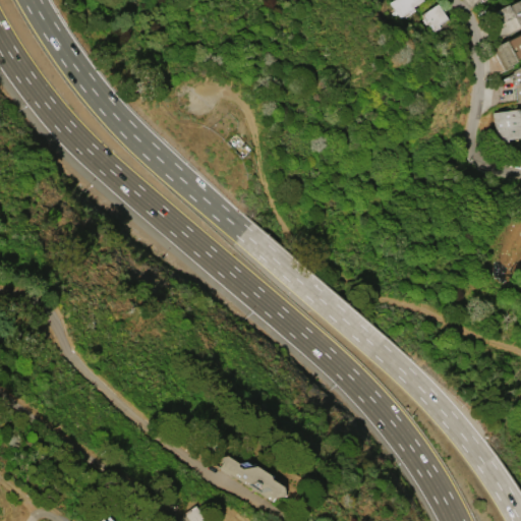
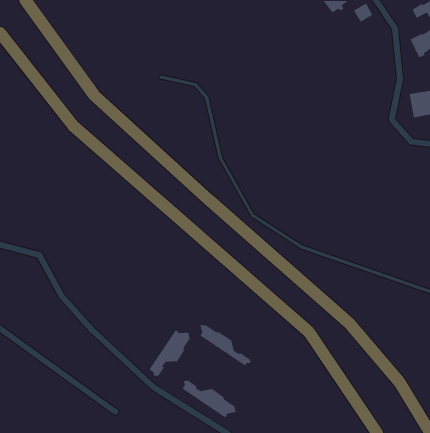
building: none -> [199,324,251,367]
building: none -> [148,329,191,377]

